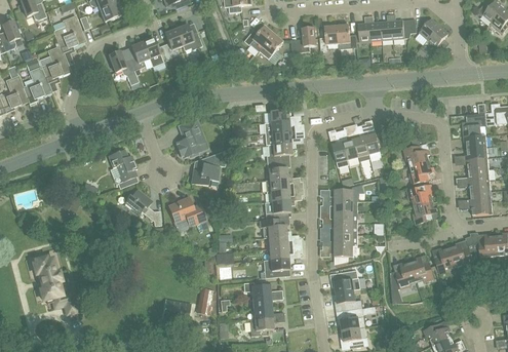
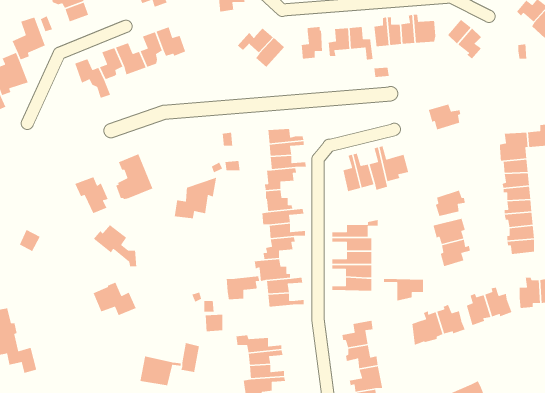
building: [177,117,208,156] -> [115,153,153,200]
building: [402,144,430,166] -> [428,103,461,130]
building: [168,196,205,225] -> [92,282,137,316]
building: [322,244,356,264] -> [383,278,424,301]
building: [263,257,291,277] -> [226,276,260,300]

